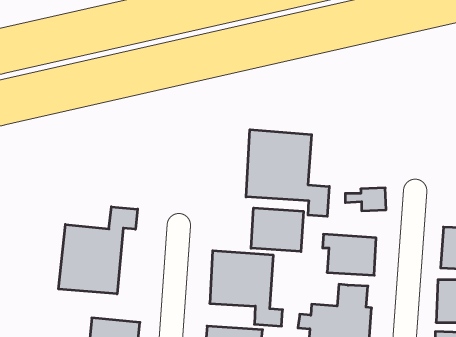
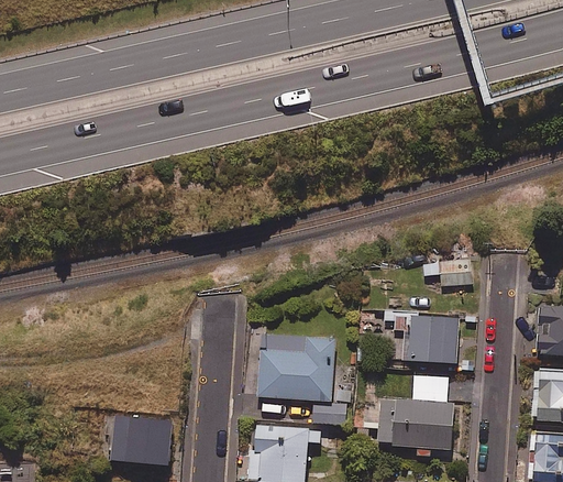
building: [246,130,329,216] -> none
building: [59,207,138,294] -> none
building: [251,208,303,252] -> none

